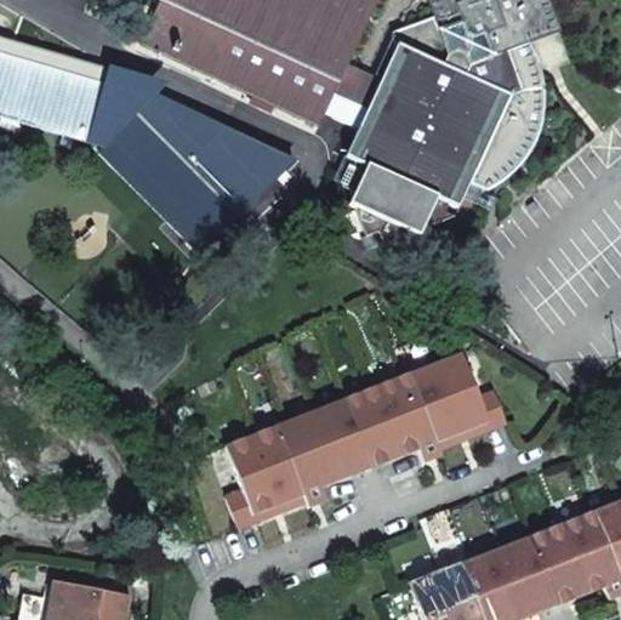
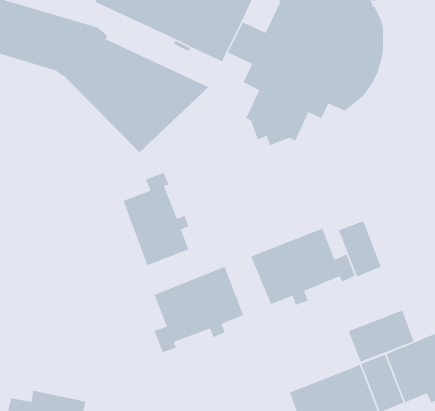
building: none -> [122,172,189,266]
building: none -> [338,220,382,277]
building: [321,394,384,477] -> none
building: none -> [348,309,415,362]

